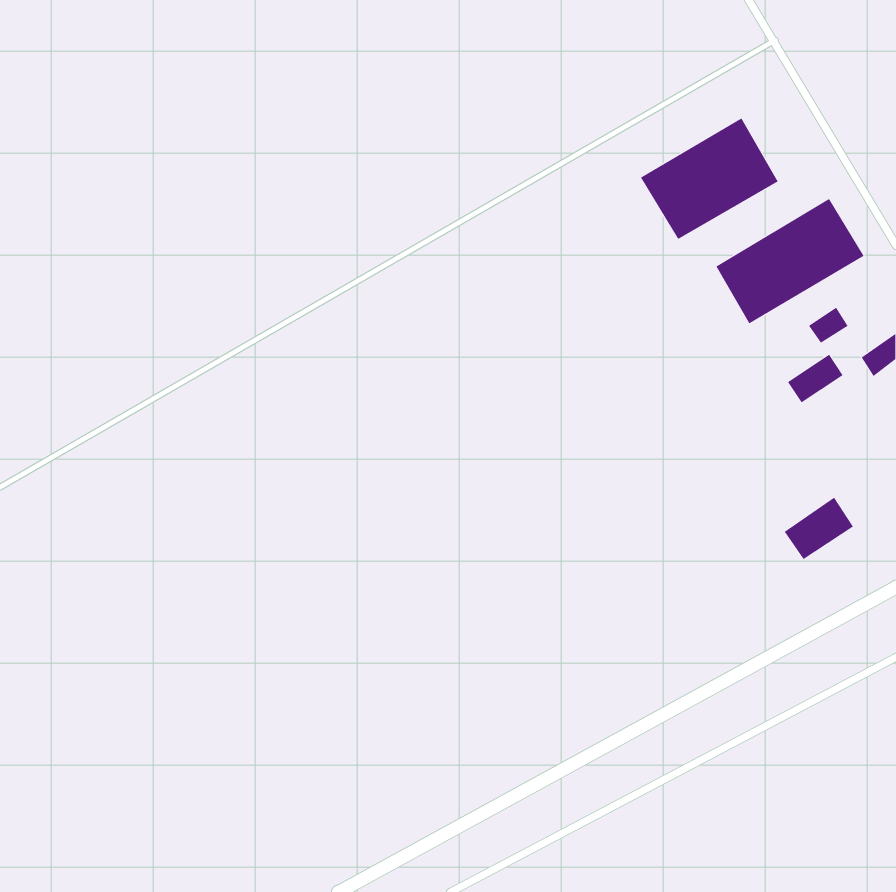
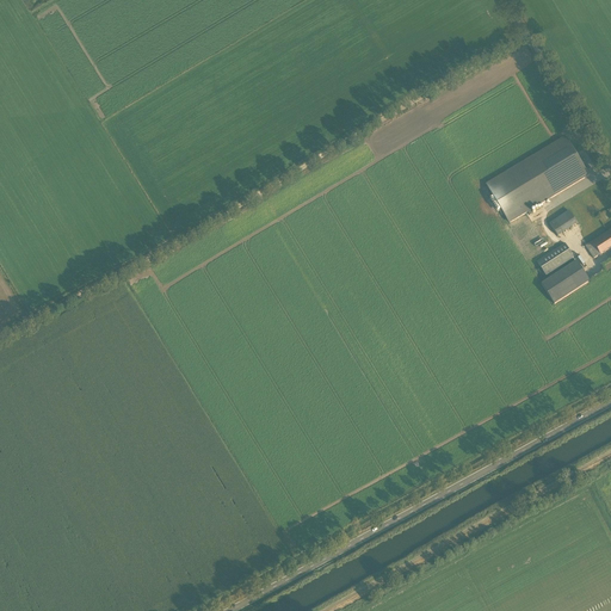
building: [640,117,779,240] -> none
building: [784,497,854,560] -> [542,259,590,302]

